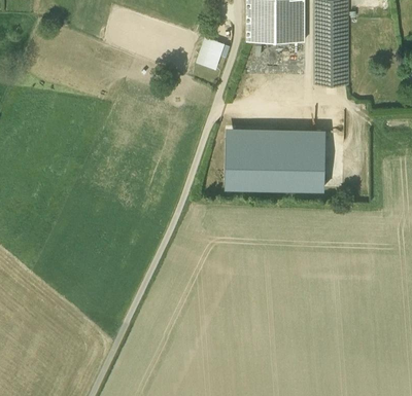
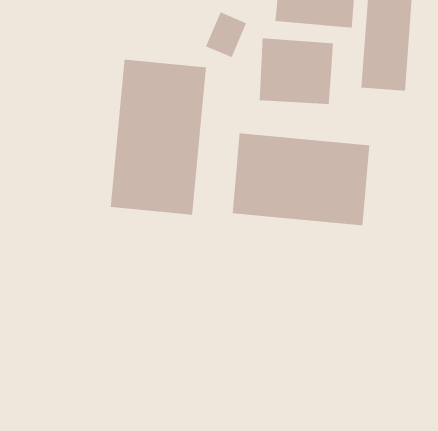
building: none -> [259,38,334,105]
building: none -> [110,59,206,215]

